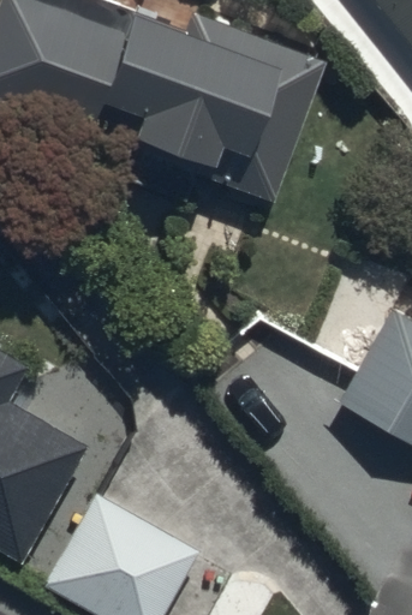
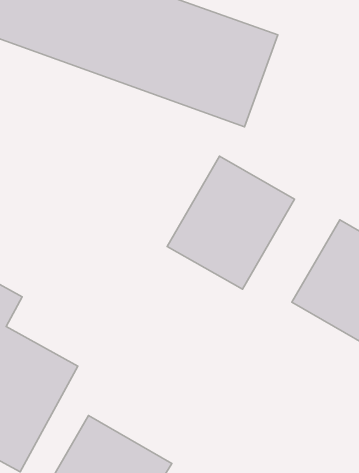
building: none -> [167,156,295,289]

